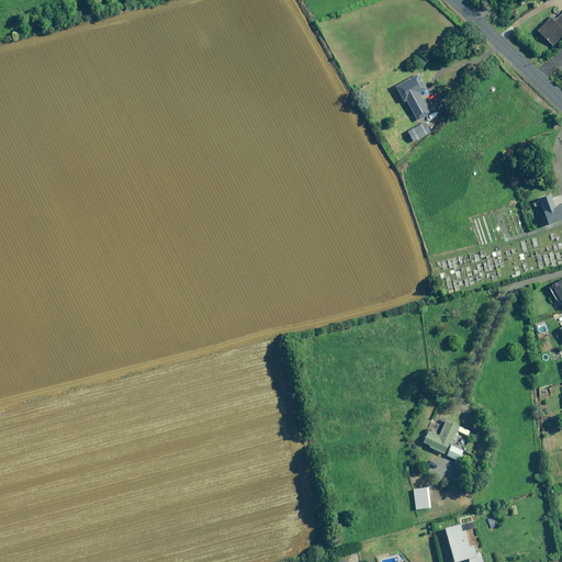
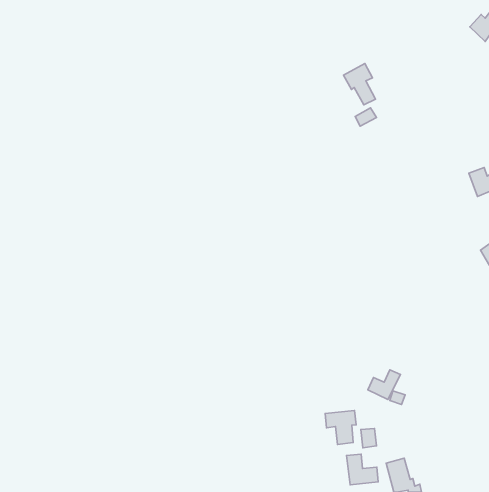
building: none -> [325,411,356,445]
building: none -> [347,454,378,485]

